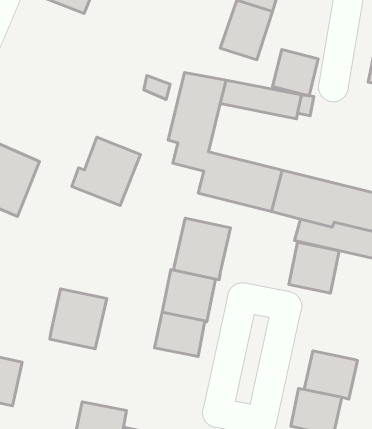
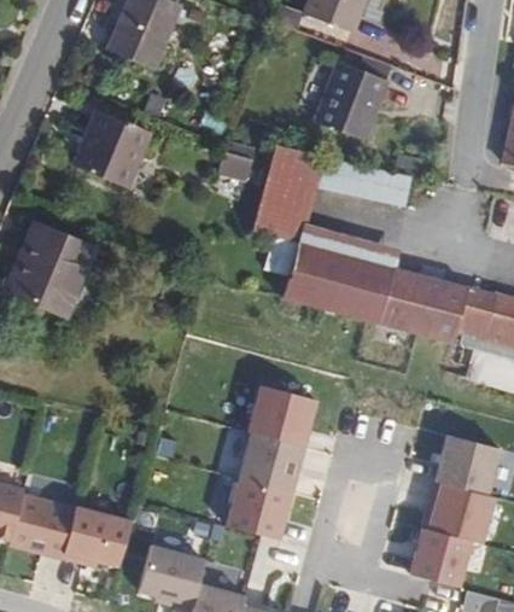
building: [272,49,318,96] -> none
building: [72,137,140,206] -> [70,112,156,198]
building: [174,218,231,280] -> none
building: [289,242,339,293] -> [436,436,498,500]
building: [50,289,107,349] -> [59,503,130,578]
building: none -> [226,484,292,544]

